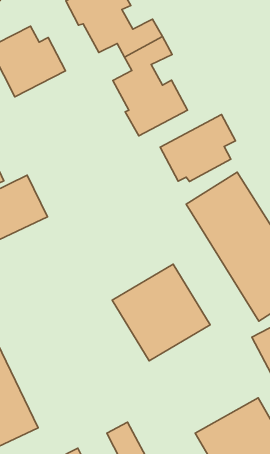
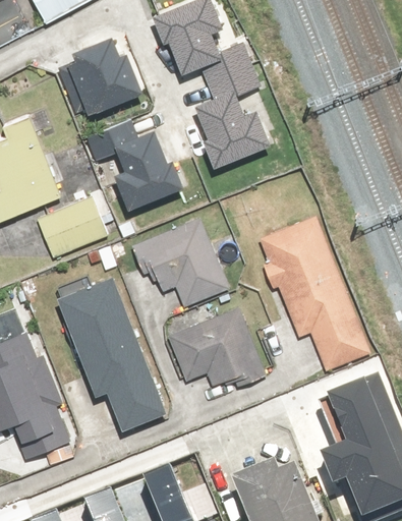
building: none -> [92,121,184,210]
building: [160,115,235,182] -> none
building: none -> [128,224,226,315]
building: none -> [56,275,168,435]

